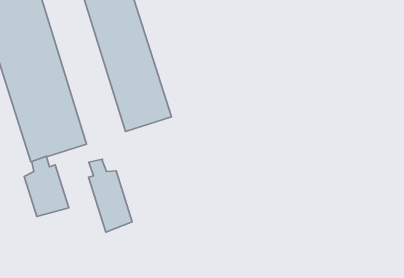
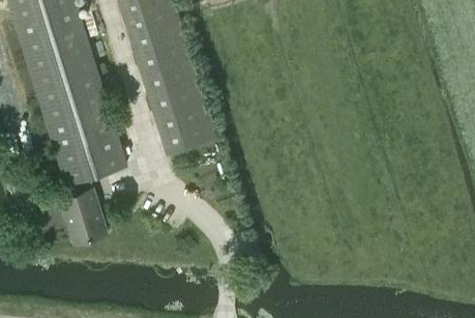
building: [88,159,132,232] -> none

